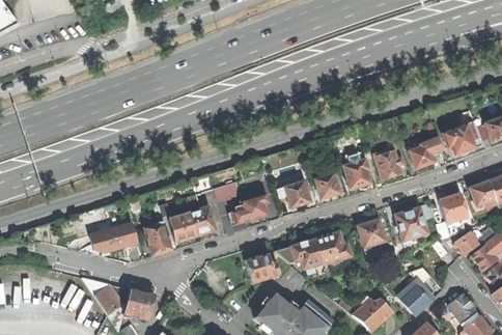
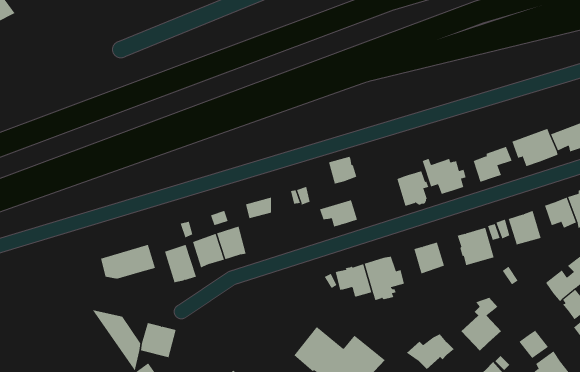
building: [314,174,339,198] -> [328,156,357,184]
building: [228,196,266,224] -> none
building: [455,228,495,255] -> none
building: [245,253,279,283] -> none

